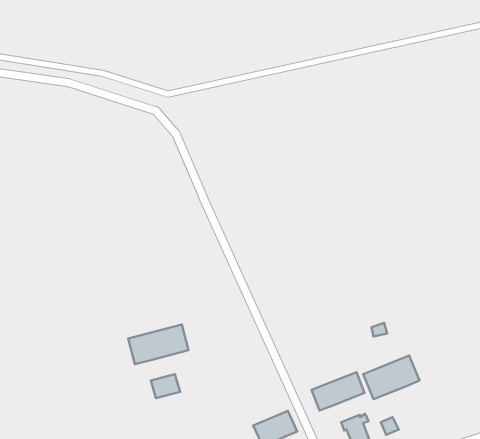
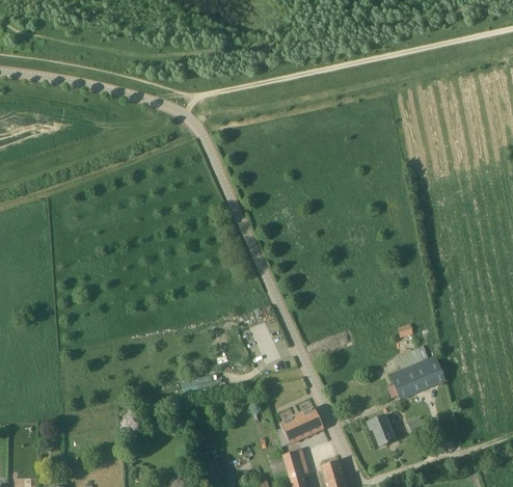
building: [128,325,188,364] -> none
building: [312,372,364,410] -> none

